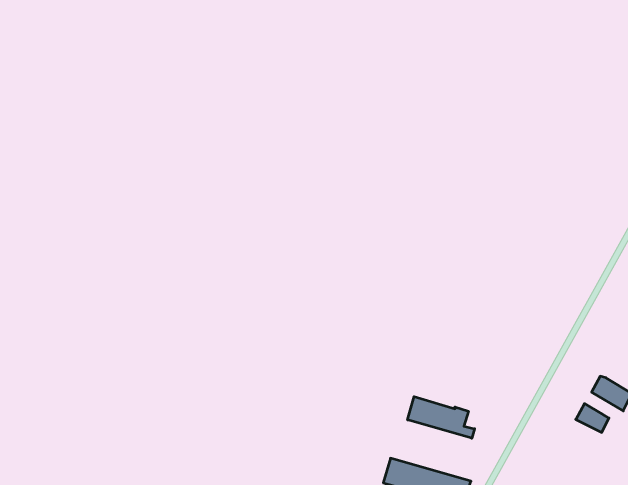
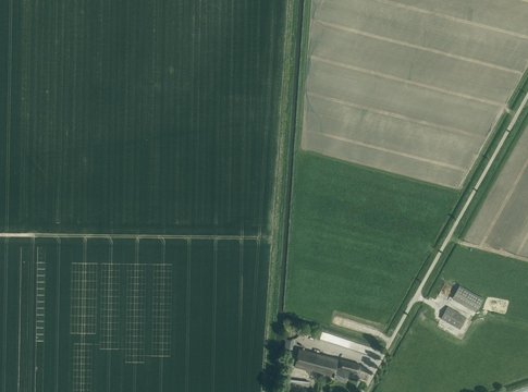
building: [408,397,475,438] -> none

